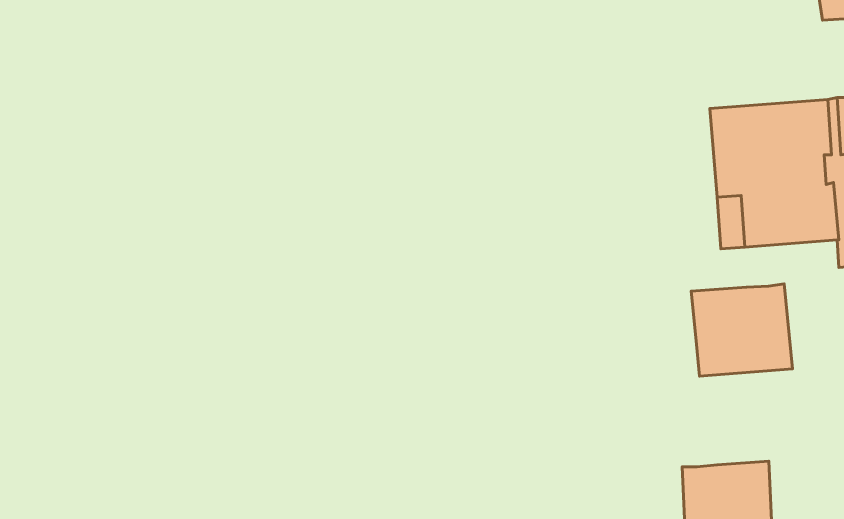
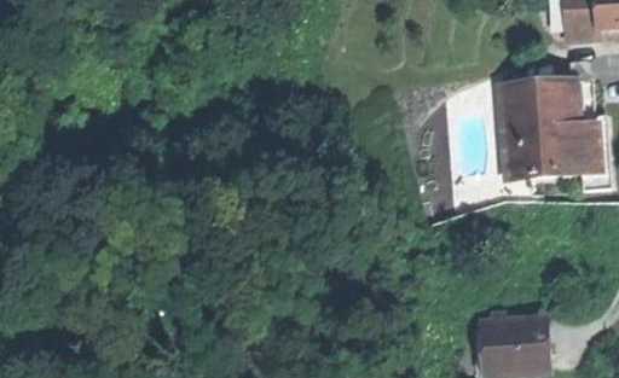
building: [691,284,792,376] -> none

